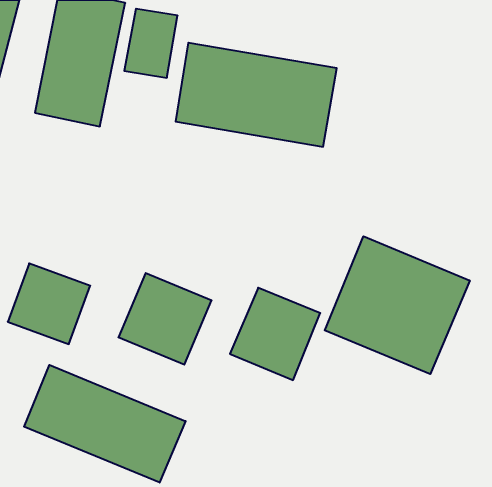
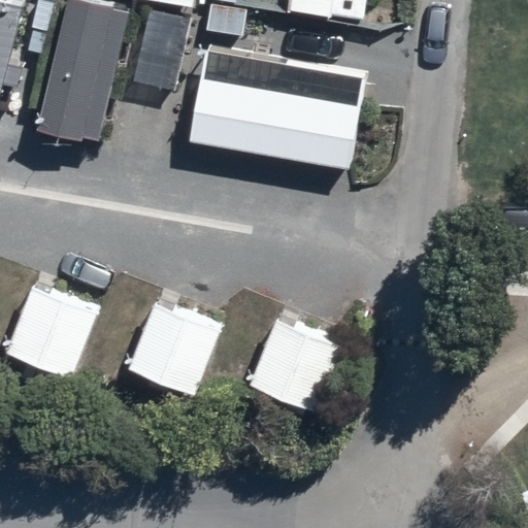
building: [325,236,470,374] -> none
building: [24,365,186,483] -> none

